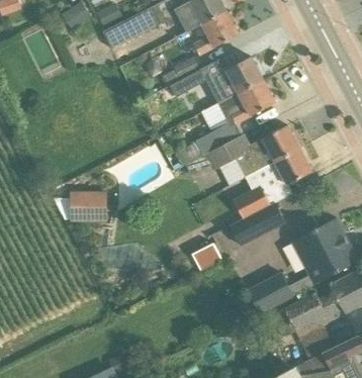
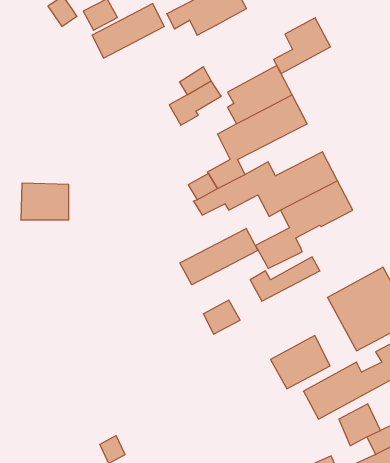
building: [193,10,239,55] -> [274,18,331,74]
building: none -> [180,228,258,285]
building: [69,191,107,220] -> [21,183,69,220]

